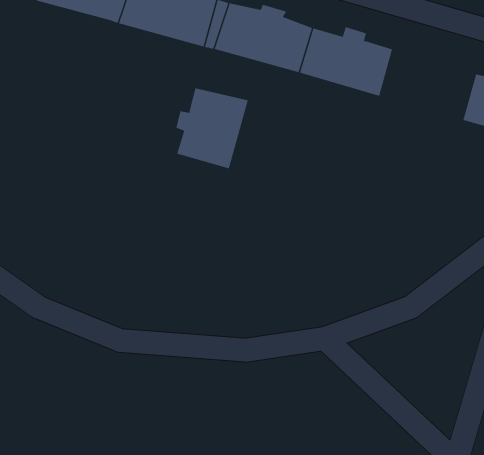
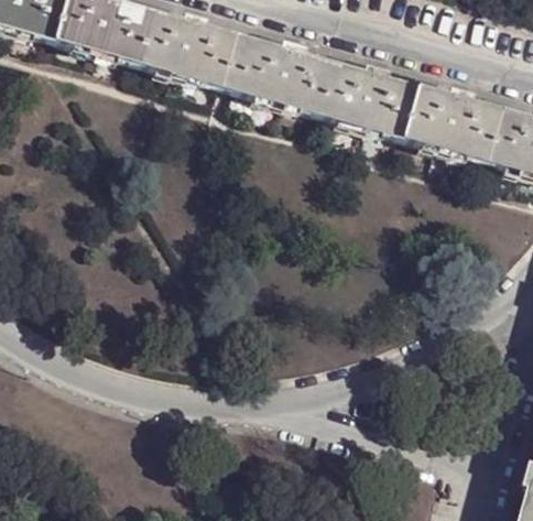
building: none -> [398,86,496,159]
building: [176,88,249,169] -> none

